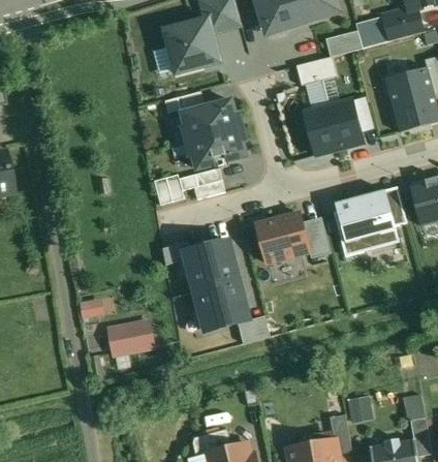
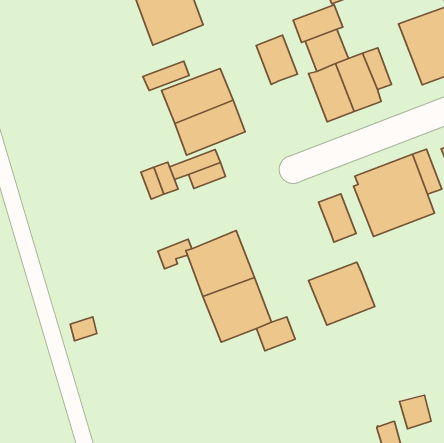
building: none -> [256,35,297,85]
building: [255,212,309,263] -> [309,262,375,325]
building: [106,318,153,356] -> none

